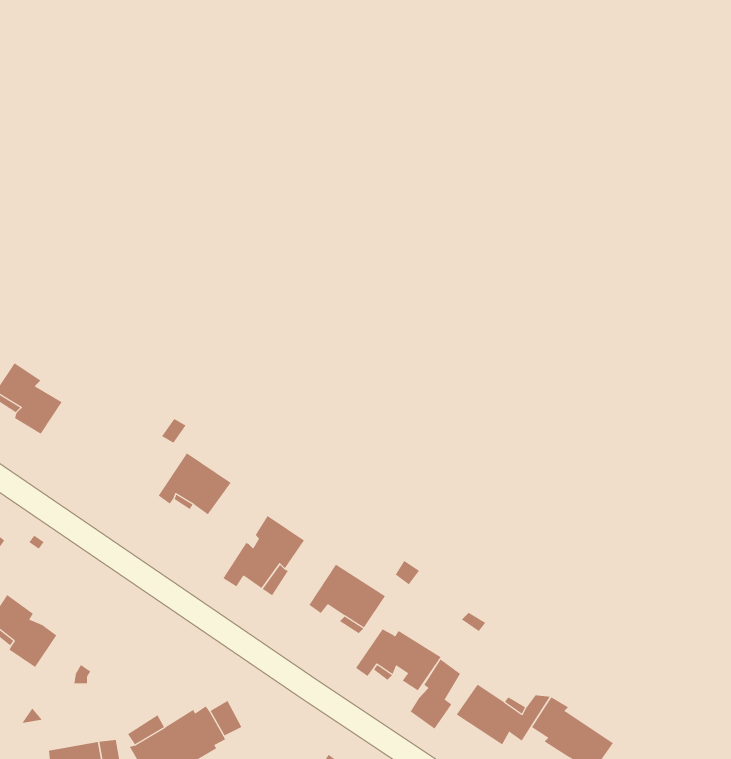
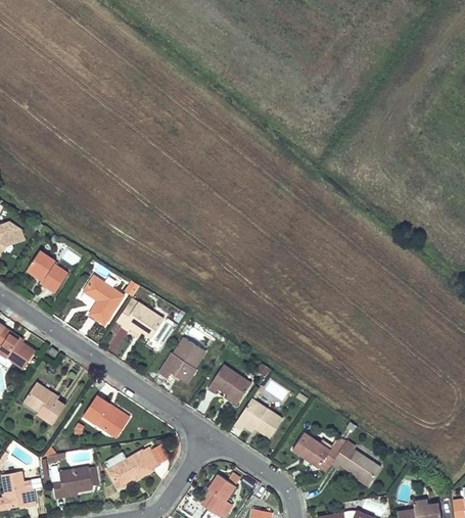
building: none -> [83,276,123,324]
building: none -> [83,394,130,437]
building: [410,659,461,729] -> none

